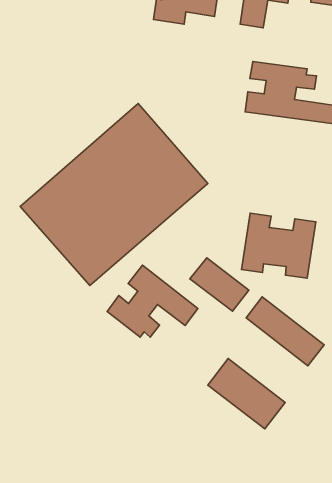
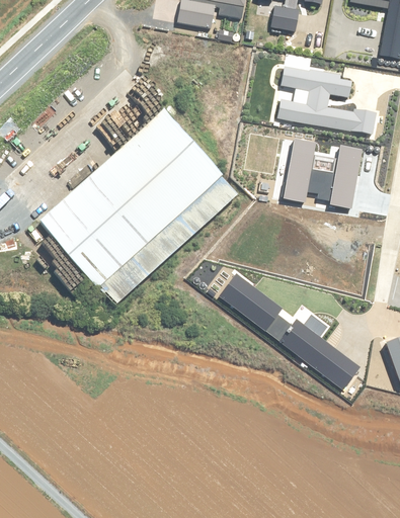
building: [242,213,316,278] -> [284,140,363,208]
building: [107,265,198,337] -> none
building: [208,359,285,429] -> none

